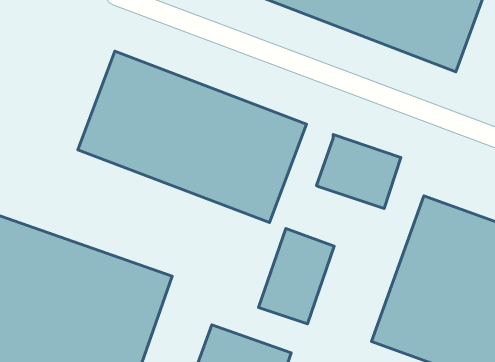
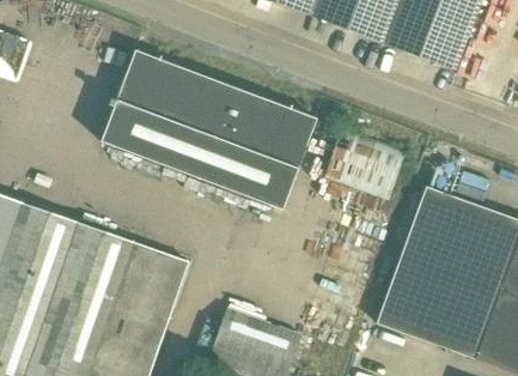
building: [258,229,334,324] -> none

